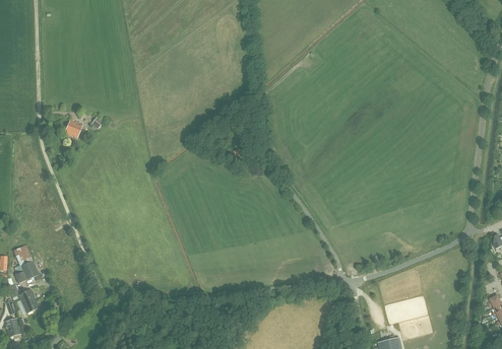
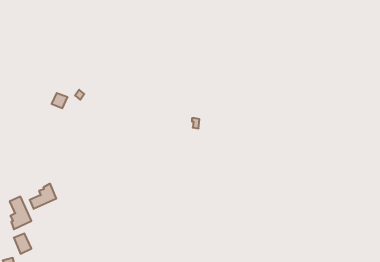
building: none -> [30,184,56,209]

